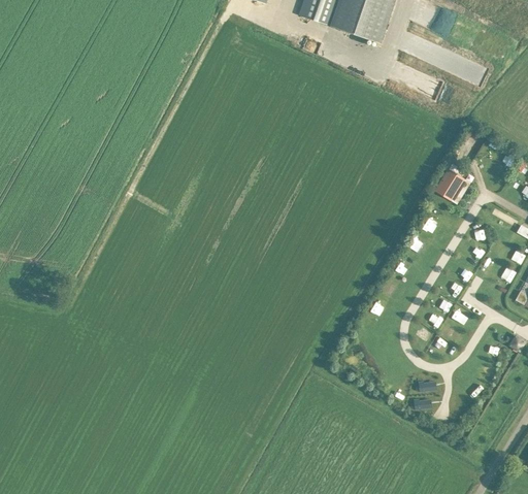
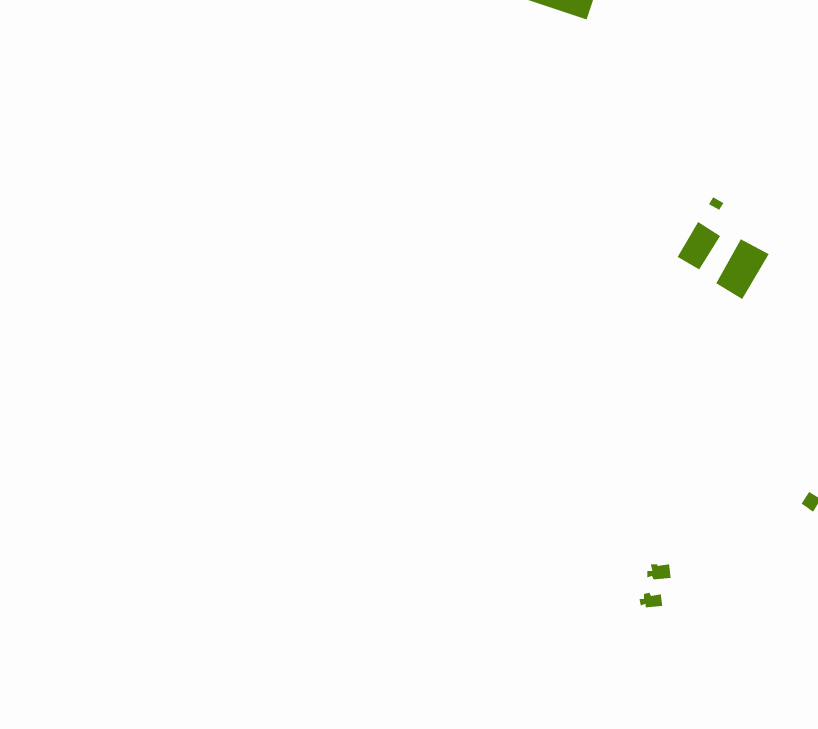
building: none -> [715,238,770,300]

